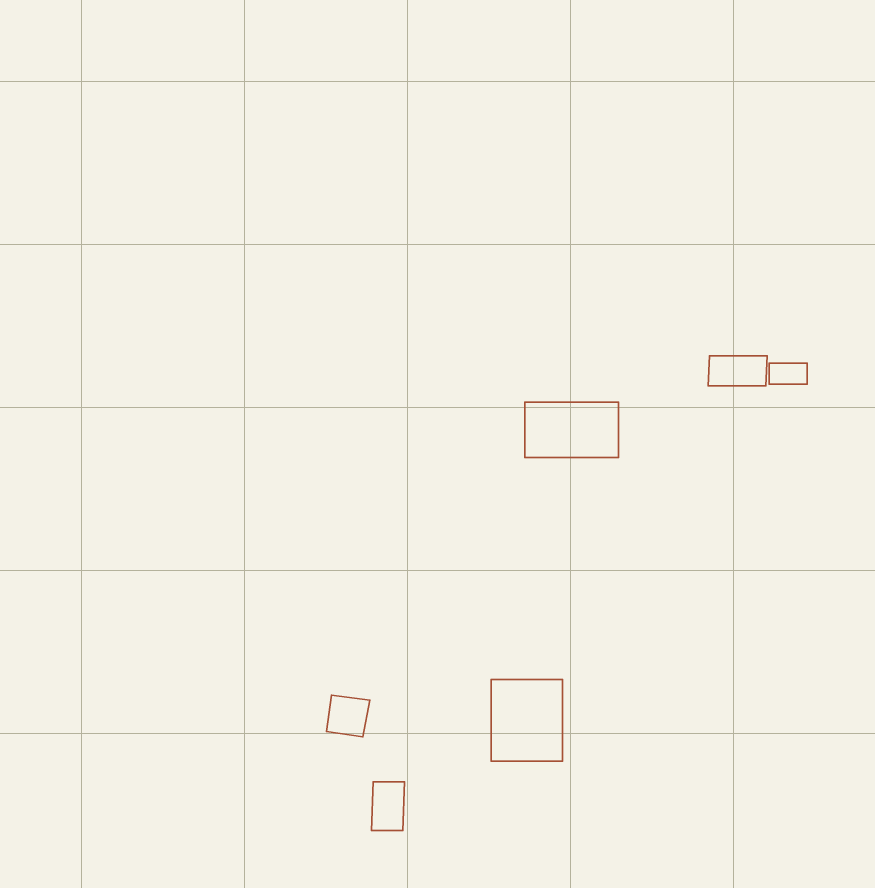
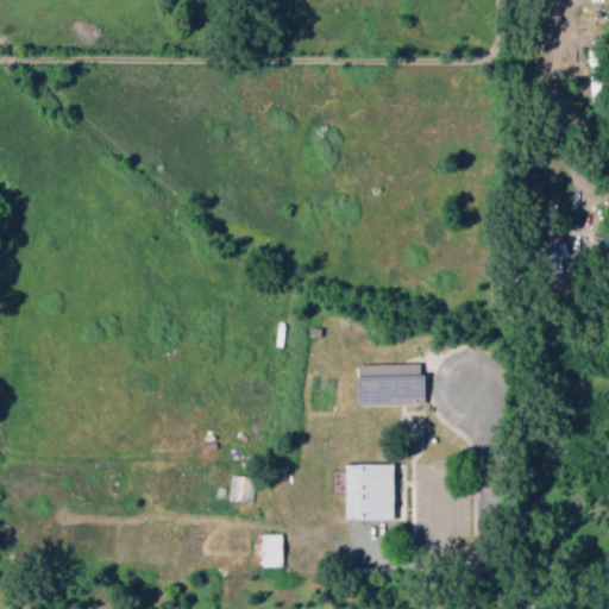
building: [708,356,767,386] -> none
building: [525,402,618,458] -> [359,365,423,403]

